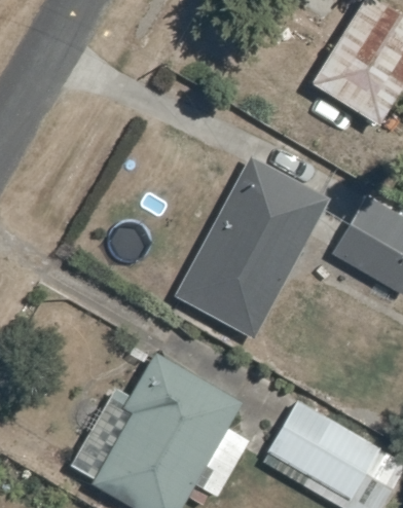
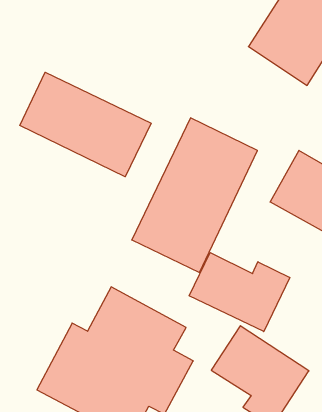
building: none -> [20,72,151,177]
building: none -> [189,253,290,332]

